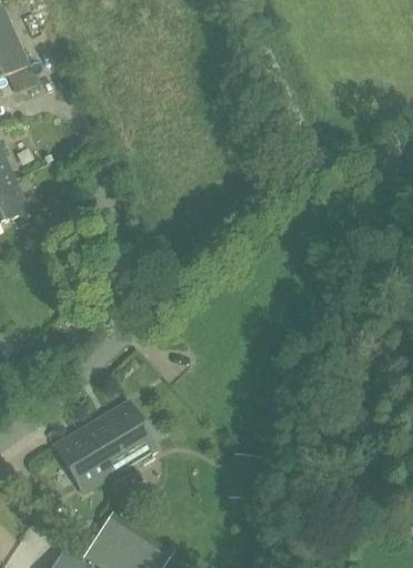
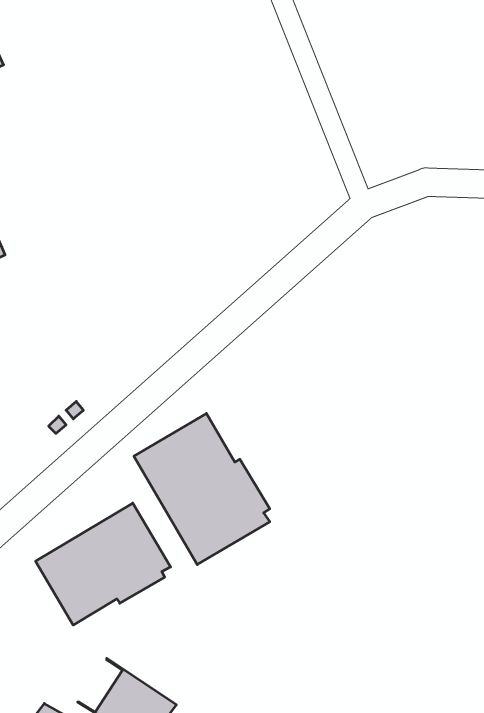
building: none -> [134,413,270,565]

